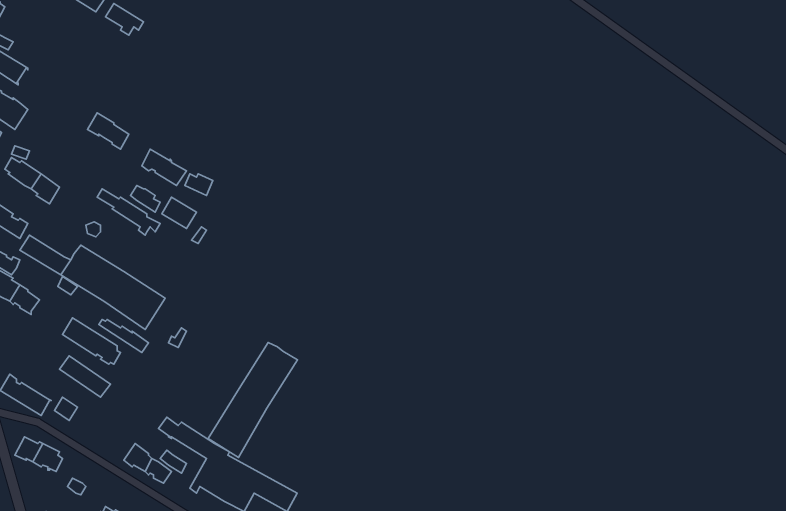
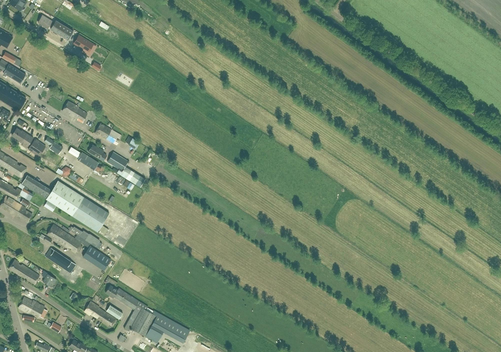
building: [208,343,298,457] -> none
building: none -> [82,245,111,271]

